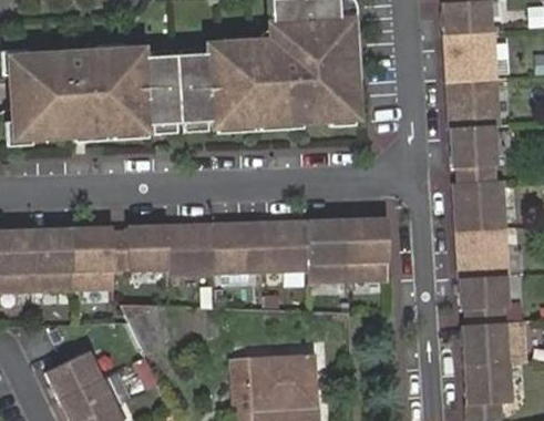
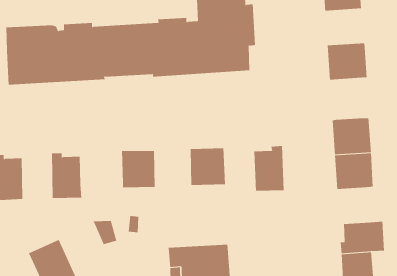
building: [443,31,499,82] -> none
building: [450,126,497,183] -> none
building: [307,220,349,281] -> none
building: [213,223,261,275] -> none
building: [112,225,168,271] -> none
building: [33,228,73,291] -> none
building: [460,275,510,325] -> none

